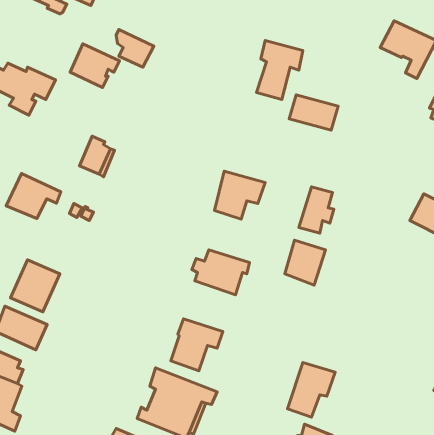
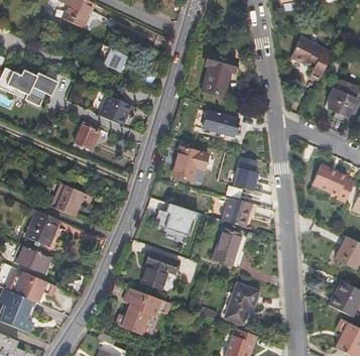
building: [70,44,120,88] -> [100,94,135,125]
building: [289,95,338,130] -> [203,111,238,136]
building: [6,174,61,219] -> [52,183,92,215]
building: none -> [213,228,241,264]

